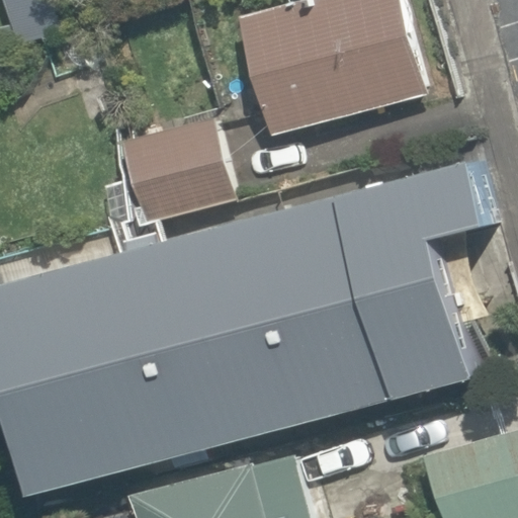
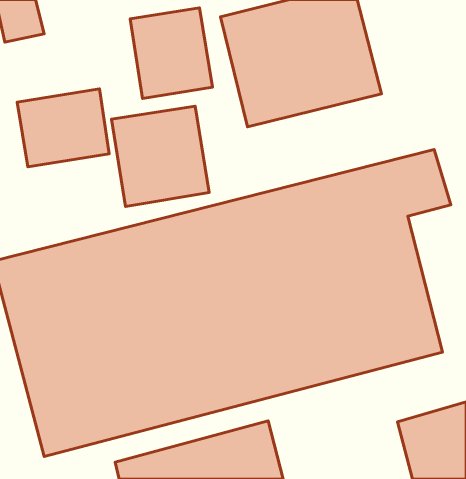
building: none -> [130,8,213,98]
building: none -> [17,89,109,167]

